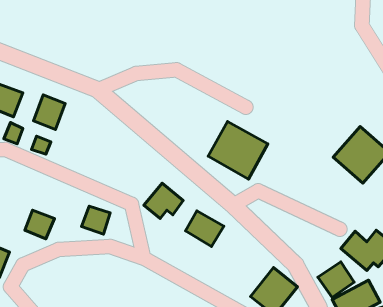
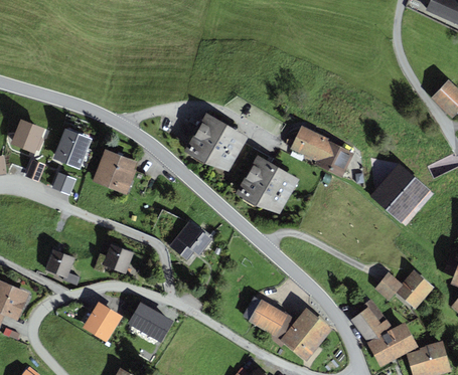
building: none -> [186,115,249,174]
building: none -> [291,126,354,175]
building: none -> [92,149,138,193]
building: [185,211,224,246] -> [249,299,289,336]
building: none -> [82,303,117,339]
building: none -> [128,303,169,338]

